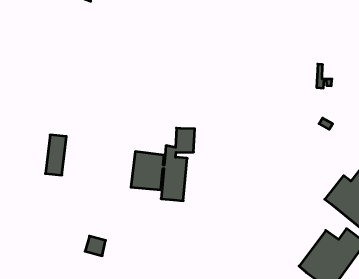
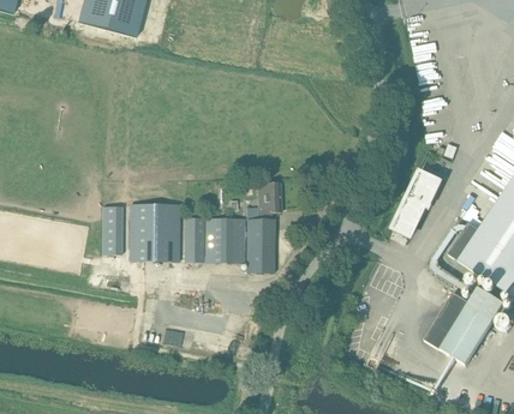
building: none -> [393,172,438,235]
building: none -> [131,202,180,259]
building: none -> [187,216,204,259]

